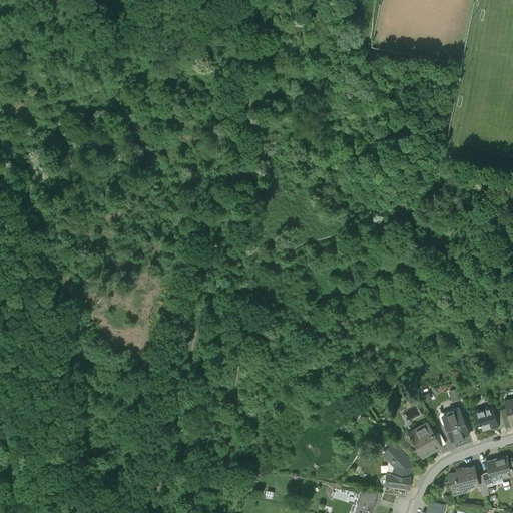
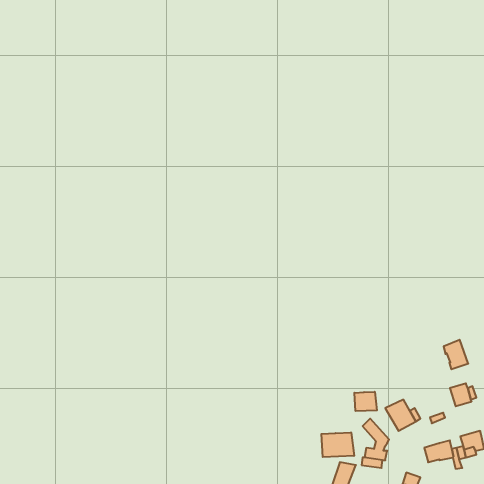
building: [442,410,468,441] -> [444,340,468,369]
building: none -> [354,392,377,411]
building: none -> [321,432,354,457]

